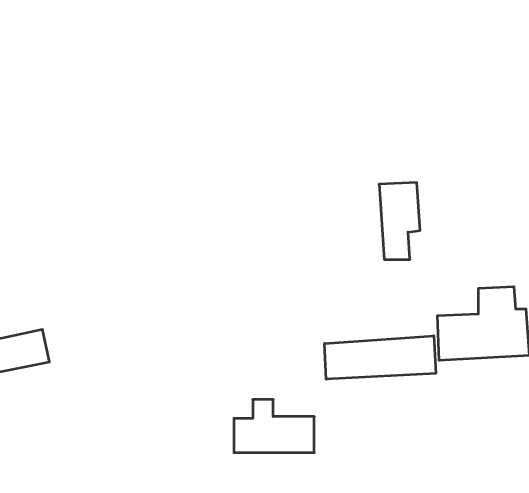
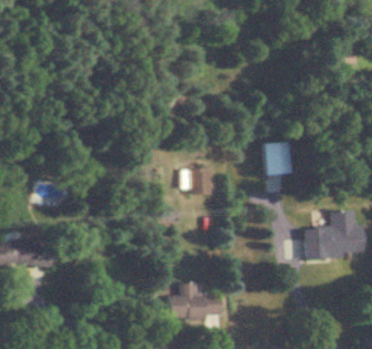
building: none -> [192,168,211,194]
building: [325,336,436,379] -> none

